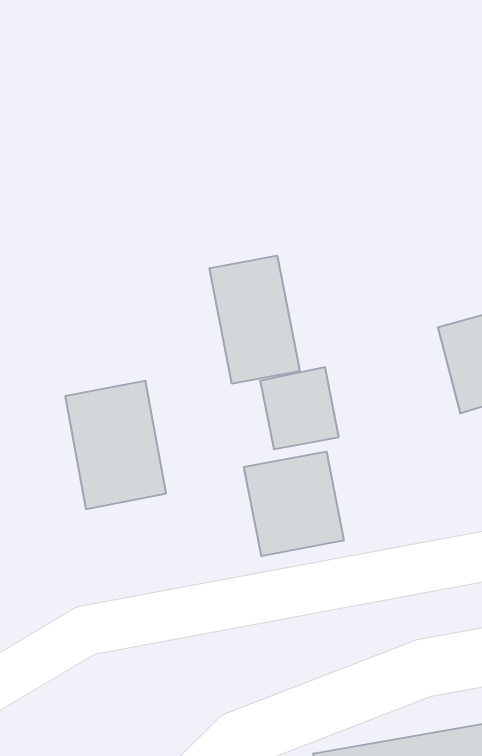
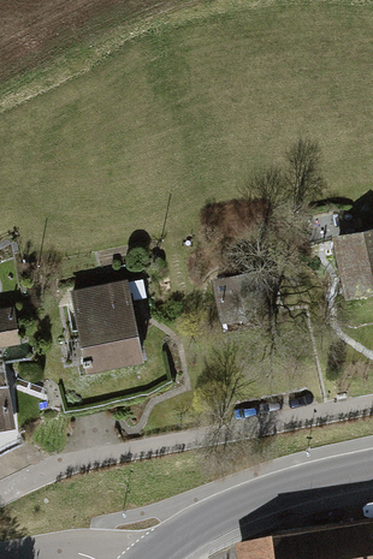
building: [209,256,300,384] -> none
building: [244,451,344,556] -> none

